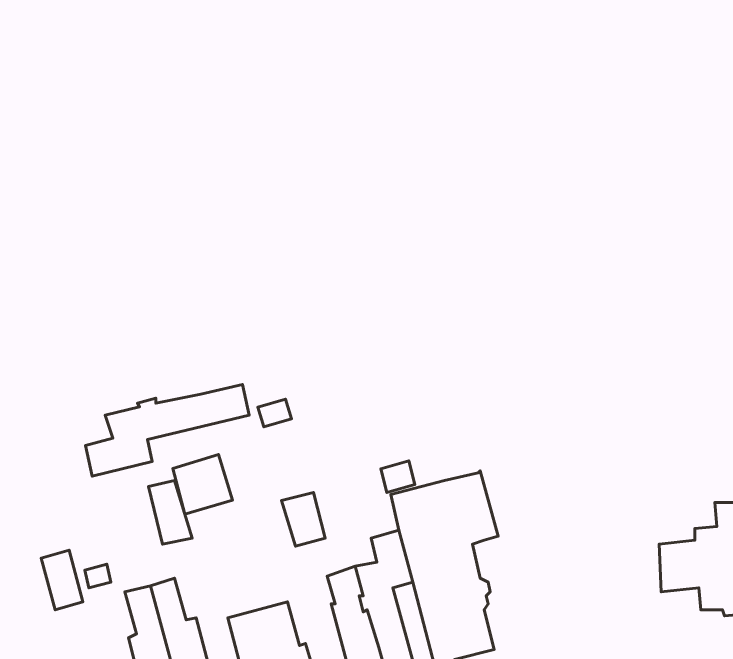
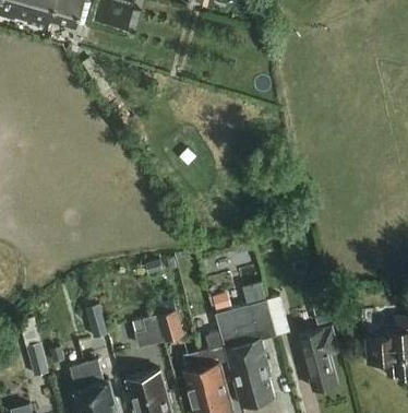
building: [85,385,249,476] -> none
building: [173,454,232,514] -> [132,315,165,347]
building: none -> [298,324,339,388]

